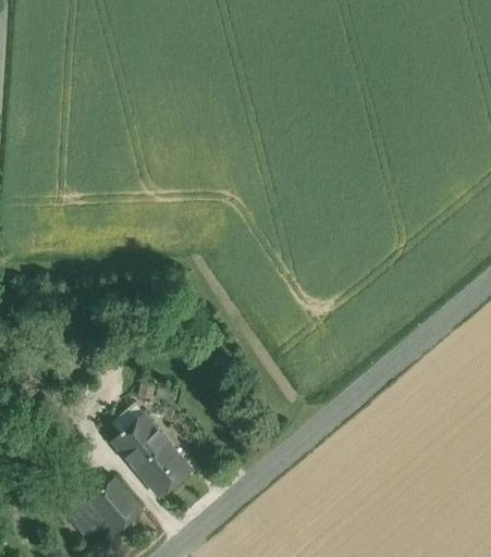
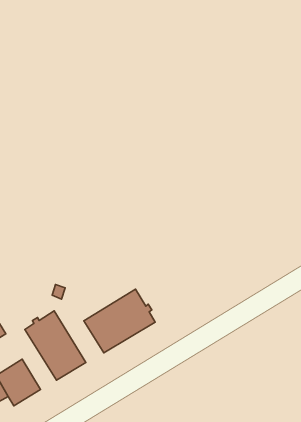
building: none -> [84,289,155,353]

